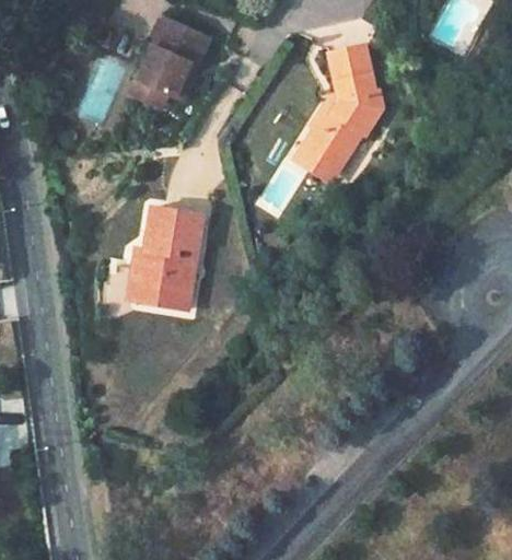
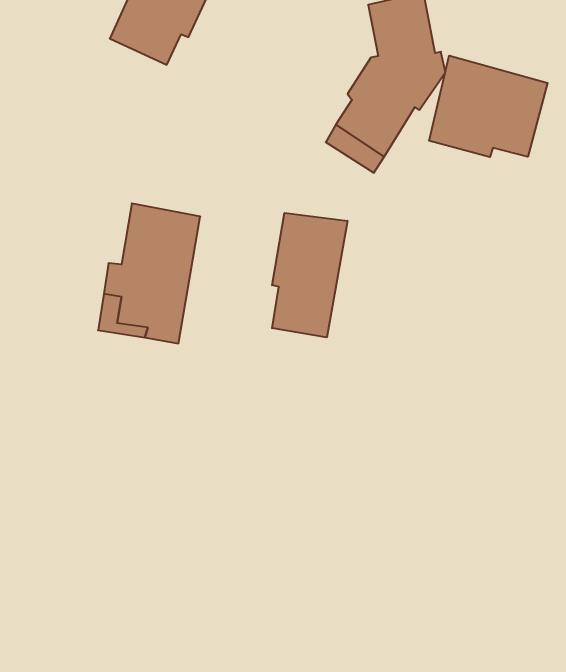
building: none -> [429,56,548,157]
building: none -> [272,213,347,337]

